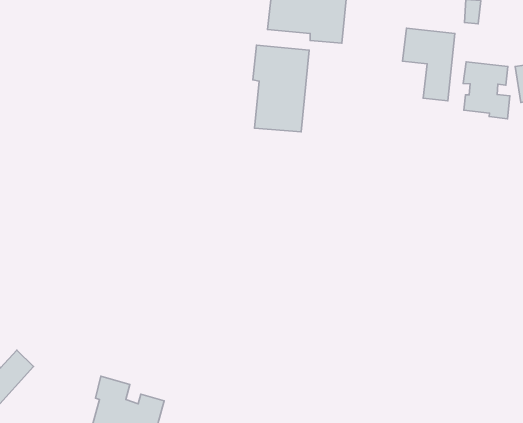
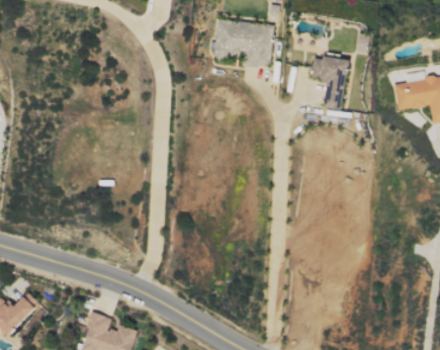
building: [253,45,309,132] -> none
building: [463,62,510,119] -> none

